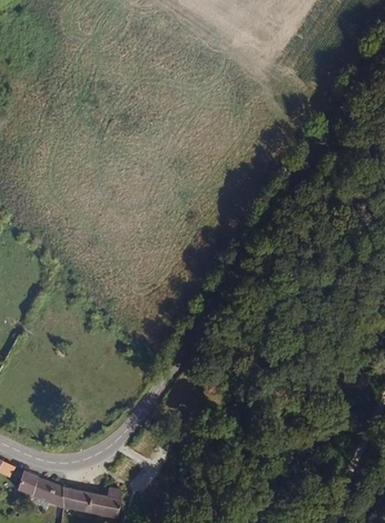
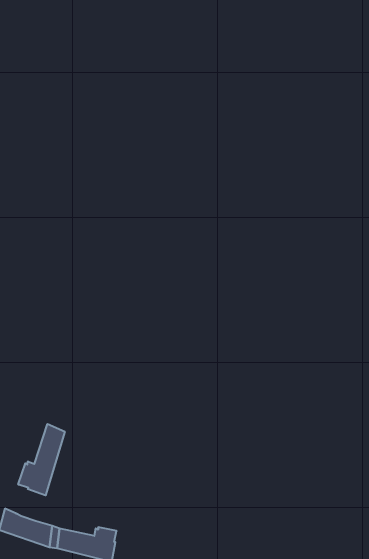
building: none -> [18,424,65,495]

